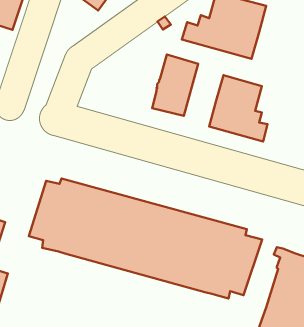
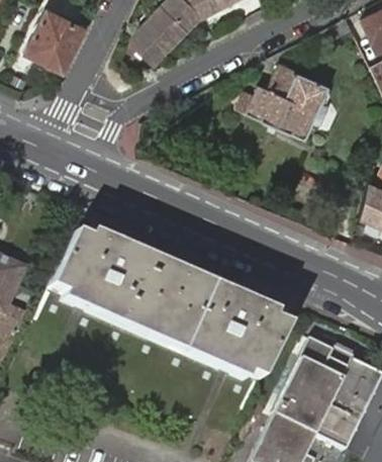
building: [152,54,198,116] -> none
building: [209,75,268,141] -> none

